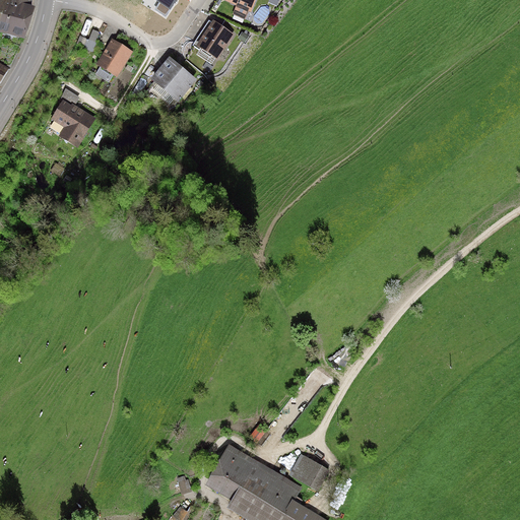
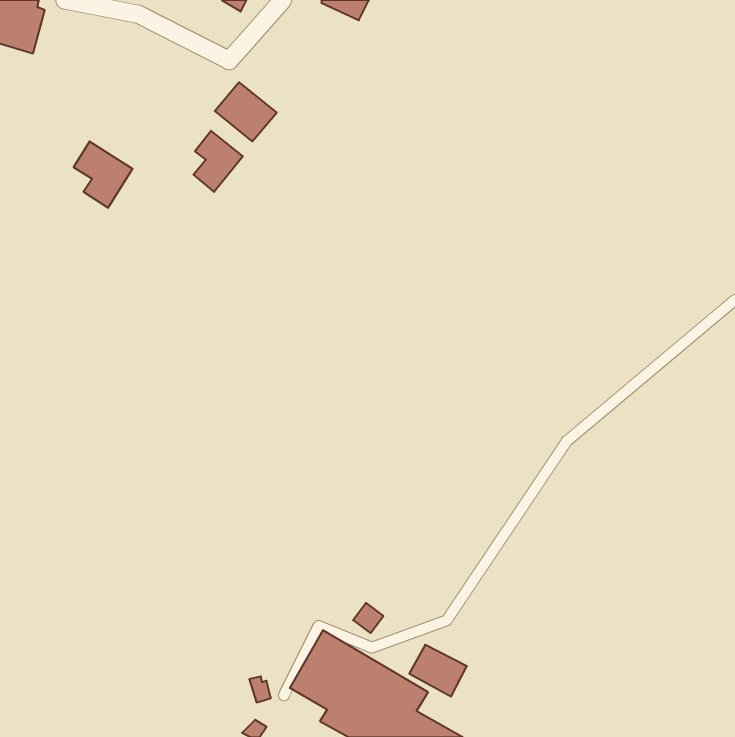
building: [196,20,232,57] -> none
building: [96,40,131,75] -> none
building: none -> [193,131,243,192]

